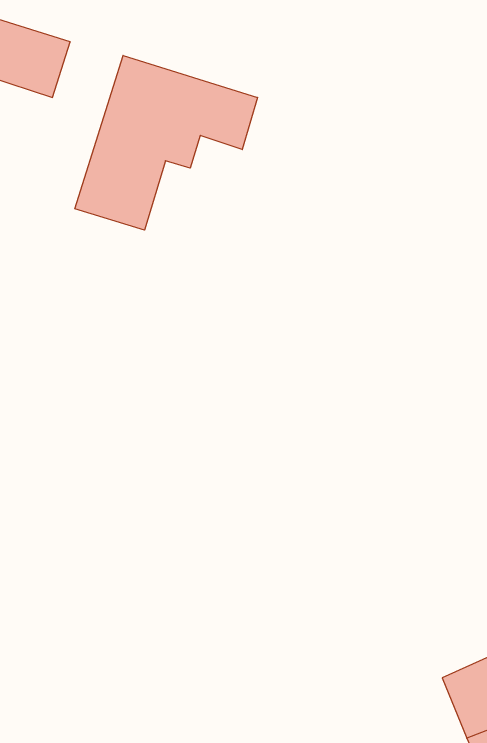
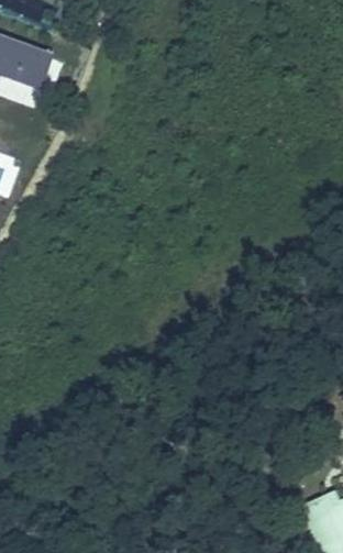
building: [75,55,258,230] -> none

